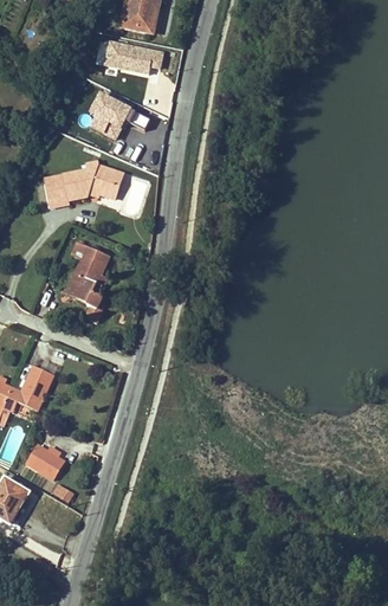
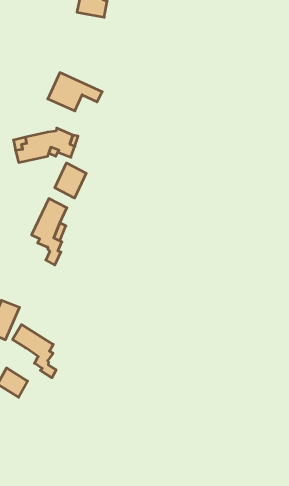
building: [104,44,164,75] -> none
building: none -> [55,163,86,198]
building: none -> [13,325,56,378]

